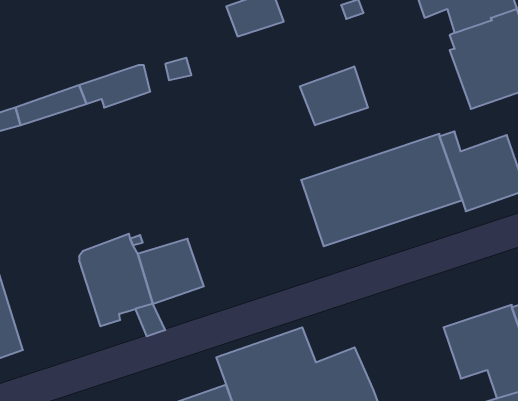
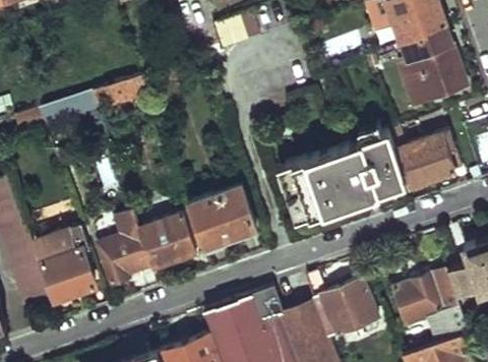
building: [300,66,368,125] -> none
building: none -> [188,187,255,247]
building: none -> [37,228,95,303]
building: none -> [308,273,378,338]

